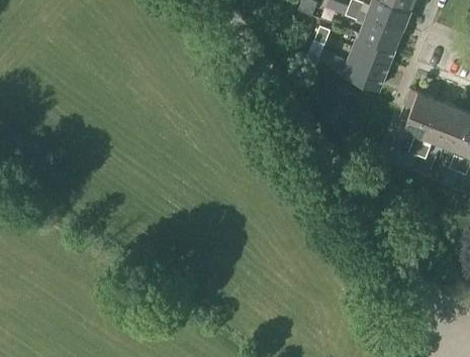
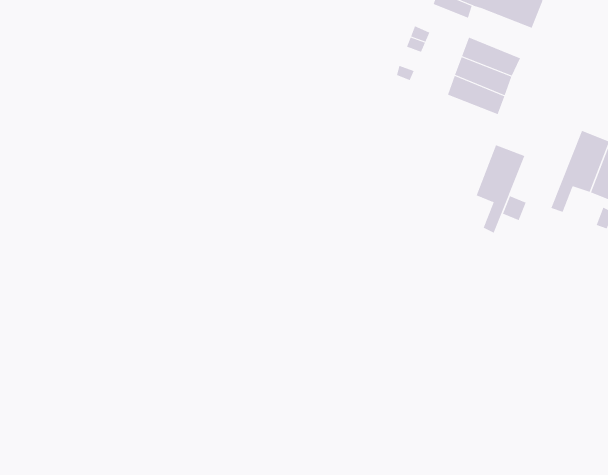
building: [358,14,403,49] -> none
building: [403,93,439,156] -> [476,144,525,234]

